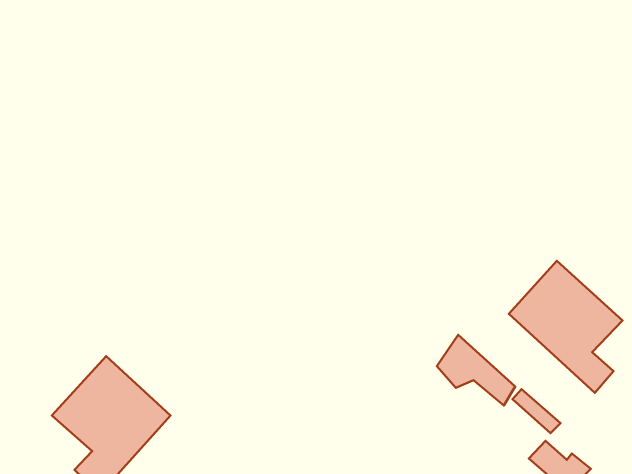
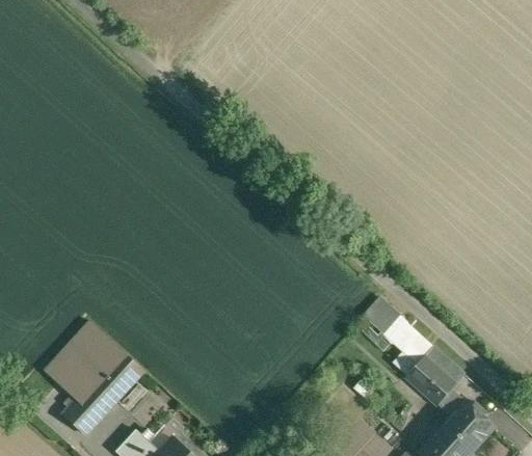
building: [509,261,622,393] -> none
building: none -> [404,355,454,404]

